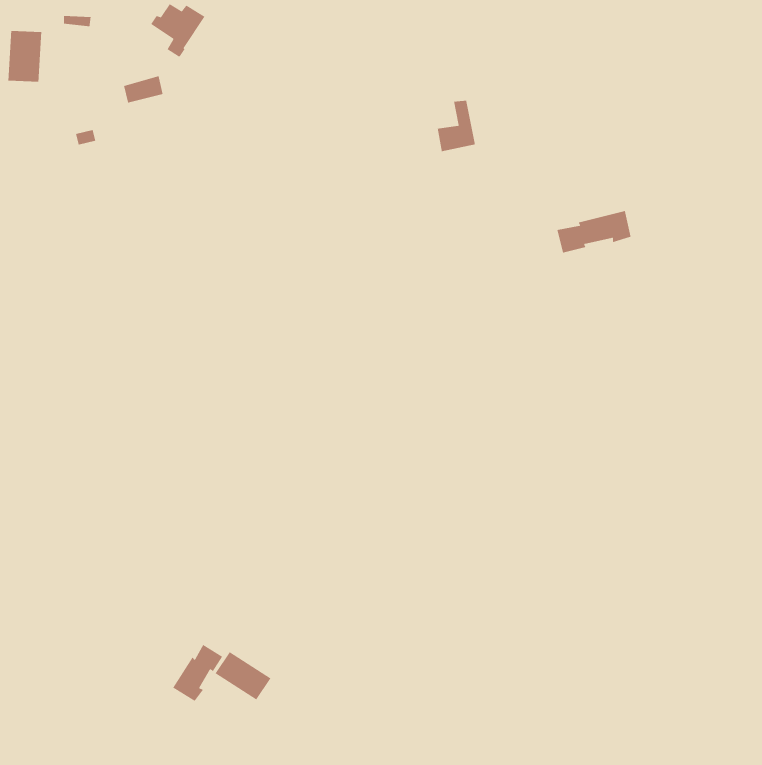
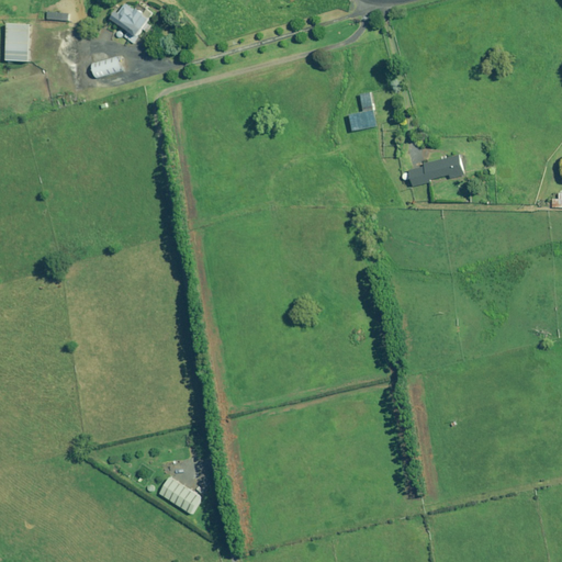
building: [437,100,476,152] -> [347,92,375,131]
building: [172,644,223,702] -> none

